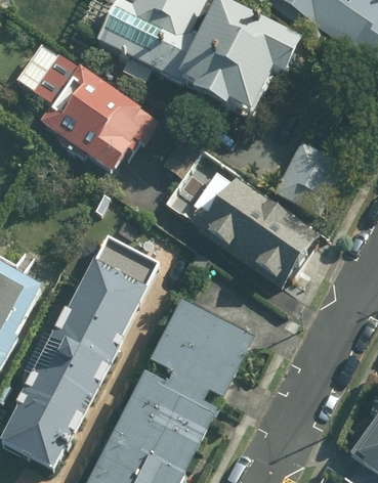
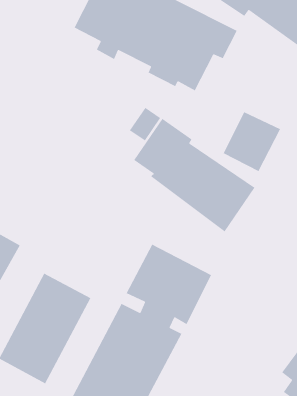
building: [12,41,157,169] -> none
building: [58,228,170,363] -> none

